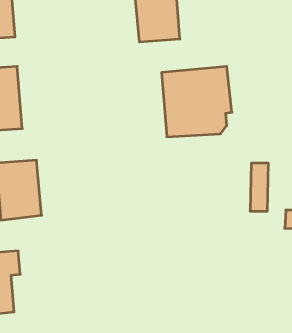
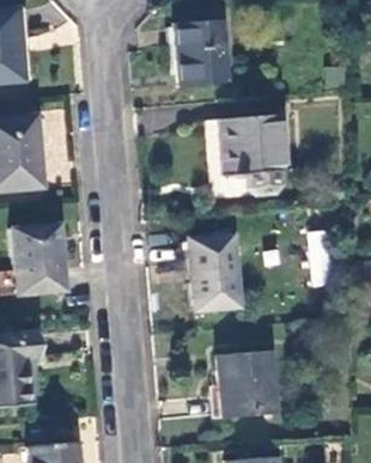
building: none -> [190,236,239,312]
building: none -> [218,351,278,418]

